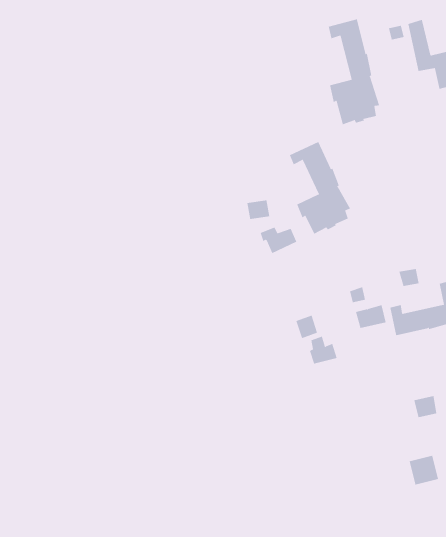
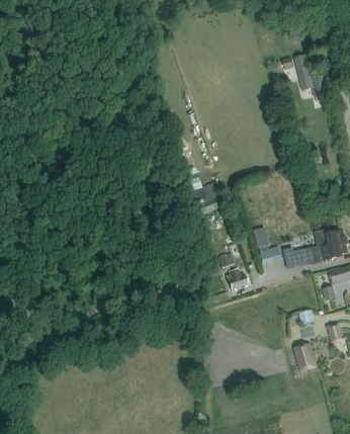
building: [328,18,380,125] -> none
building: [289,141,351,235] -> none

